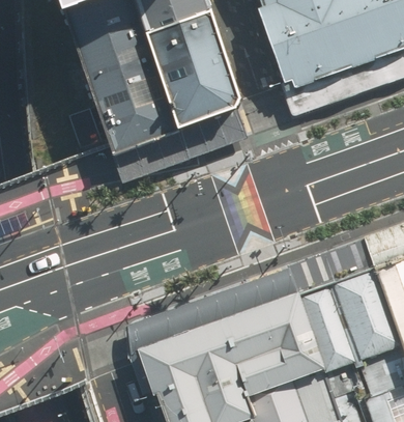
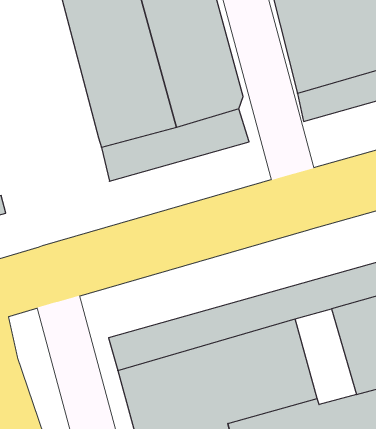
building: [299,282,359,369] -> none

